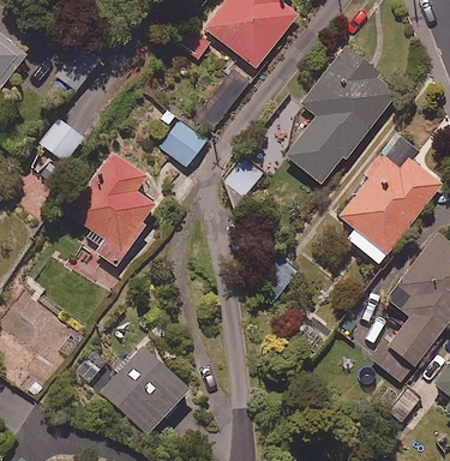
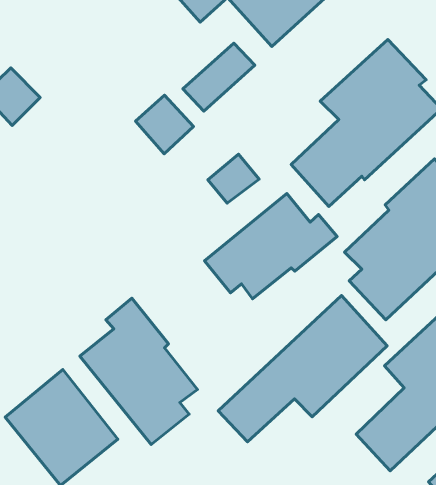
building: [71,151,158,265] -> none
building: none -> [205,193,337,299]
building: none -> [218,295,387,442]
building: none -> [80,298,197,444]

